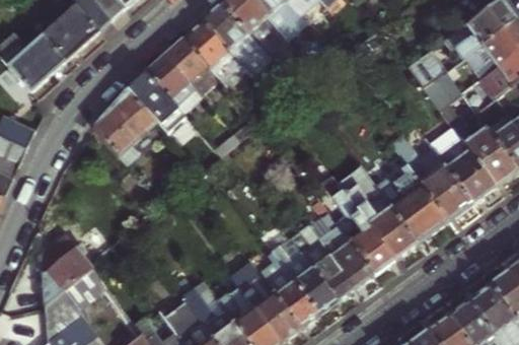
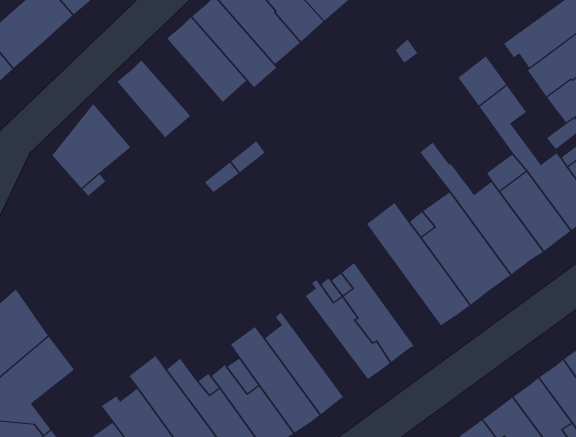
building: [162,36,219,95] -> none
building: [125,69,184,134] -> none
building: [326,180,394,274] -> none
building: [271,233,338,314] -> none

